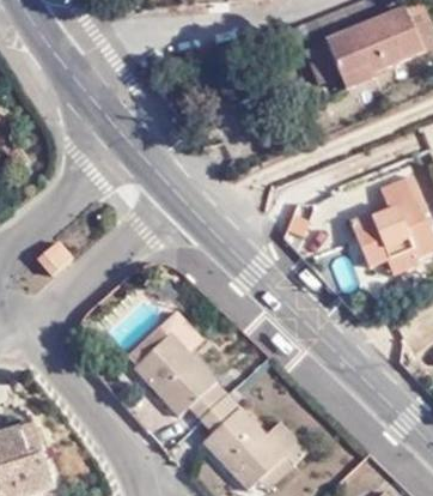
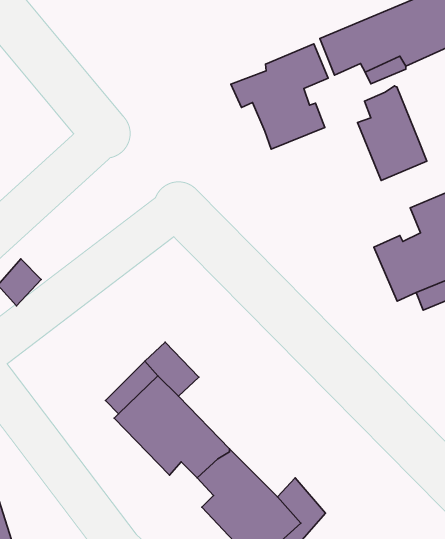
building: none -> [231,44,328,149]
building: none -> [357,86,427,180]

